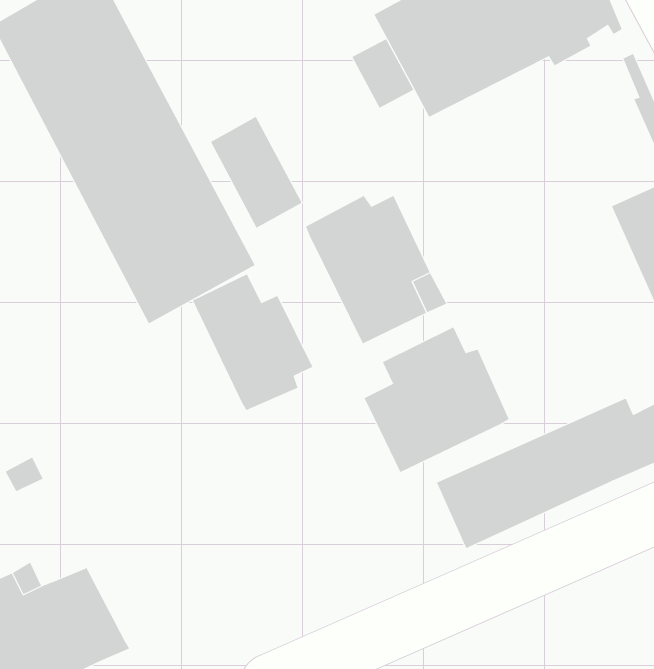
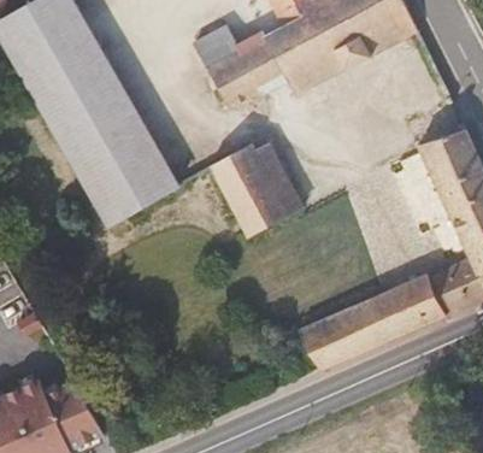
building: [210,116,302,229] -> [198,28,258,101]
building: [192,273,313,411] -> none
building: [364,326,510,473] -> none

